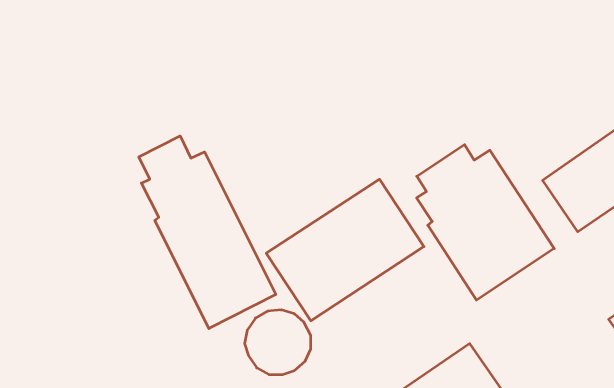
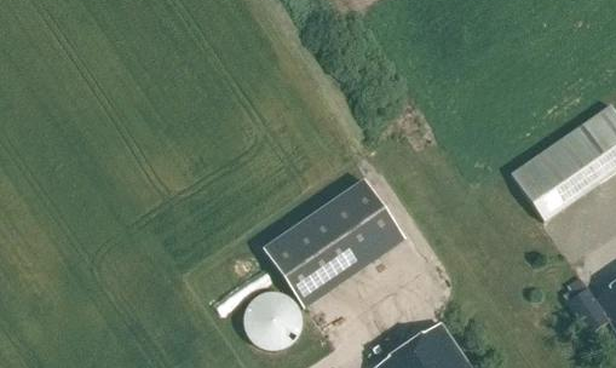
building: [139,136,276,329] -> none
building: [417,145,554,300] -> none

